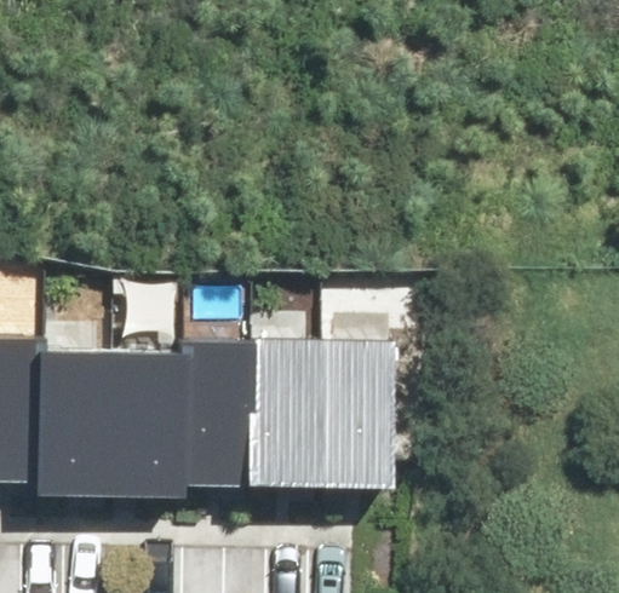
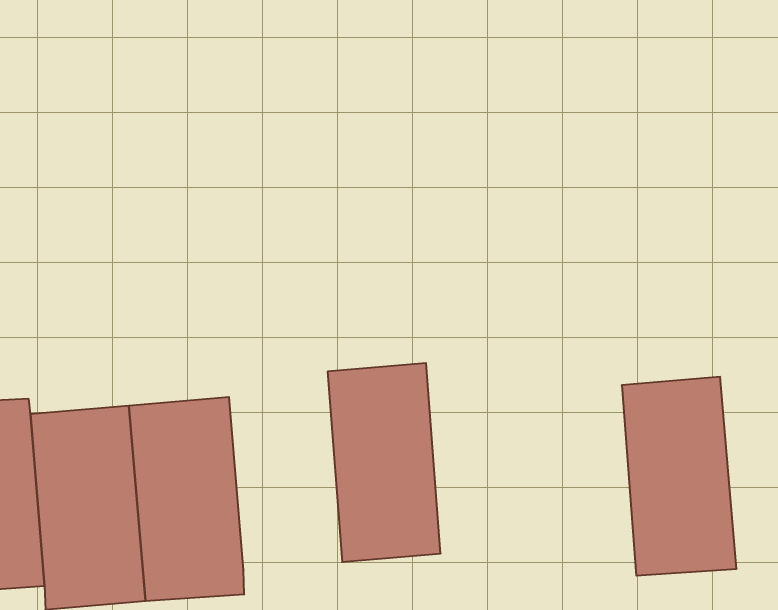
building: [182,344,256,480] -> none
building: [322,346,396,484] -> [622,377,737,576]

